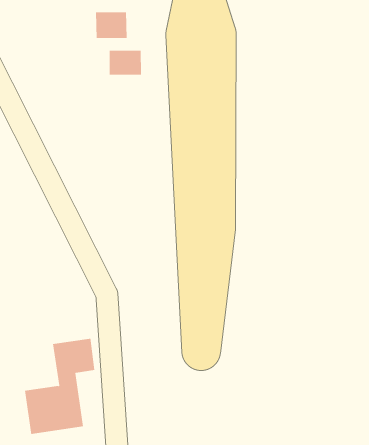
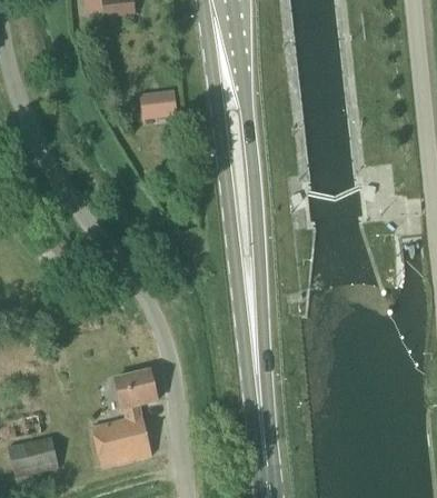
building: [96,11,127,39] -> none

